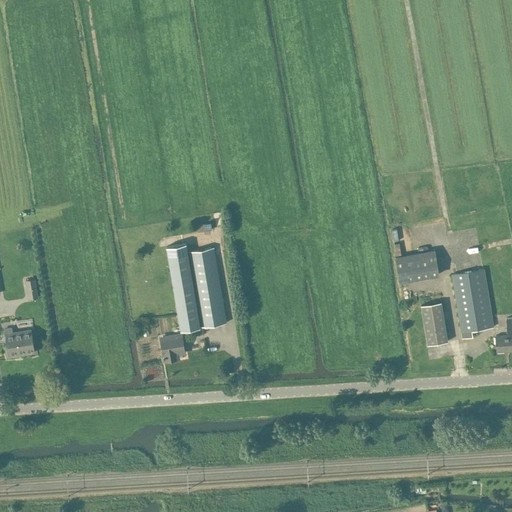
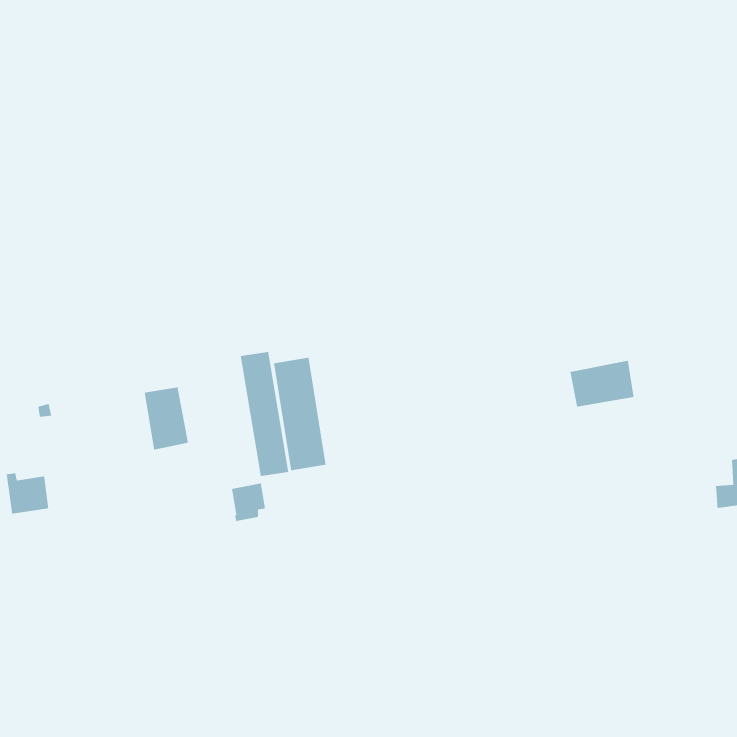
building: none -> [144,387,189,450]
building: [453,269,497,339] -> none
building: [422,303,448,346] -> none

